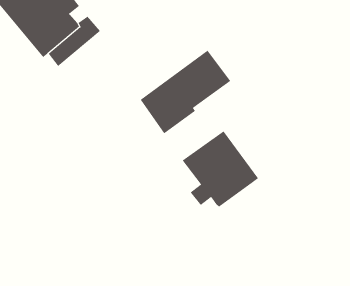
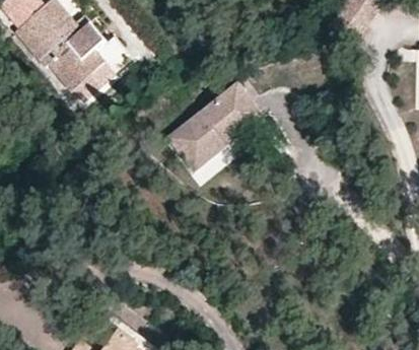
building: [182,130,259,208] -> none

